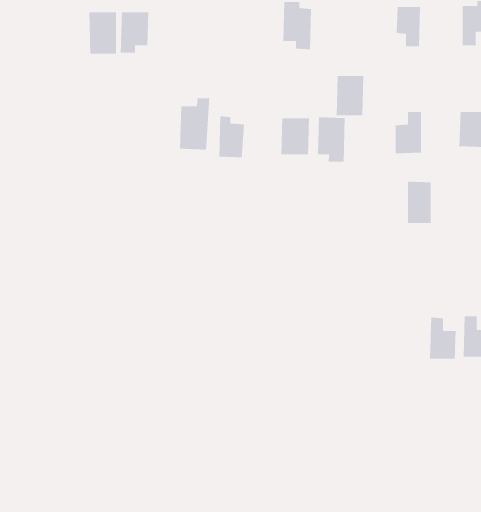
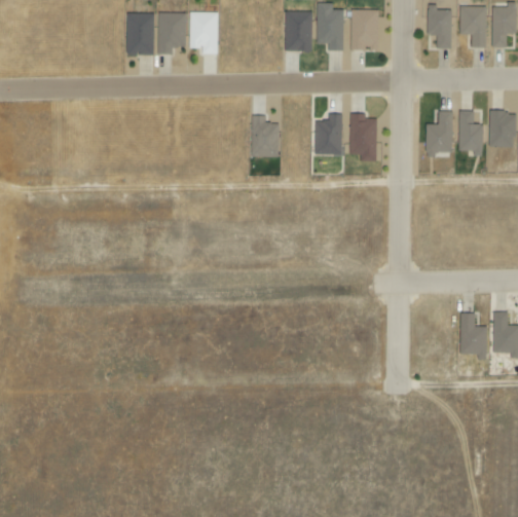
building: none -> [459,6,486,47]
building: none -> [286,11,312,51]
building: none -> [190,12,218,53]
building: [336,75,364,116] -> [351,10,379,50]
building: [179,98,210,150] -> none
building: [407,181,431,224] -> [459,110,483,152]

